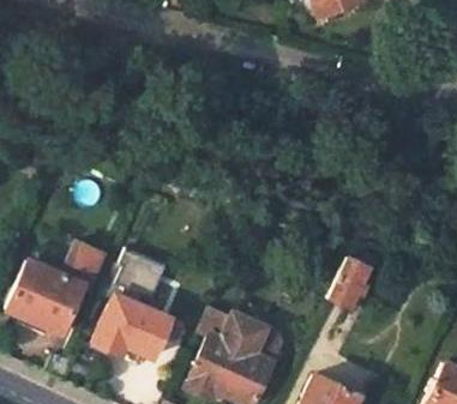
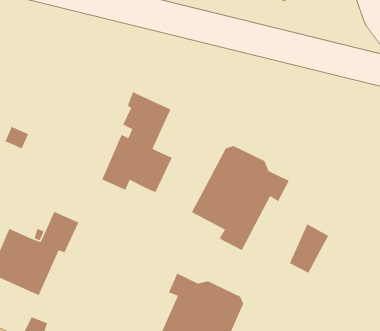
building: none -> [191,145,290,251]
building: [94,248,170,357] -> [101,91,173,193]

